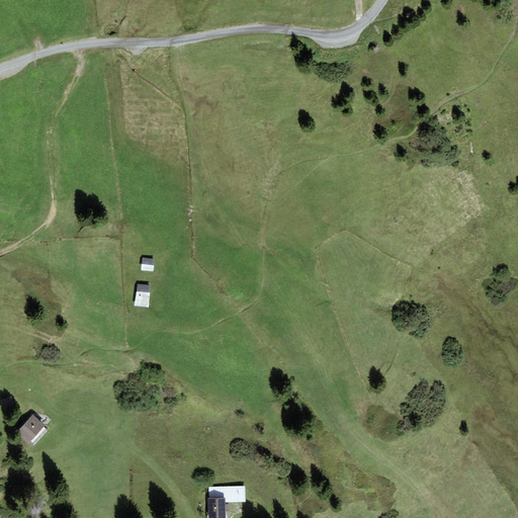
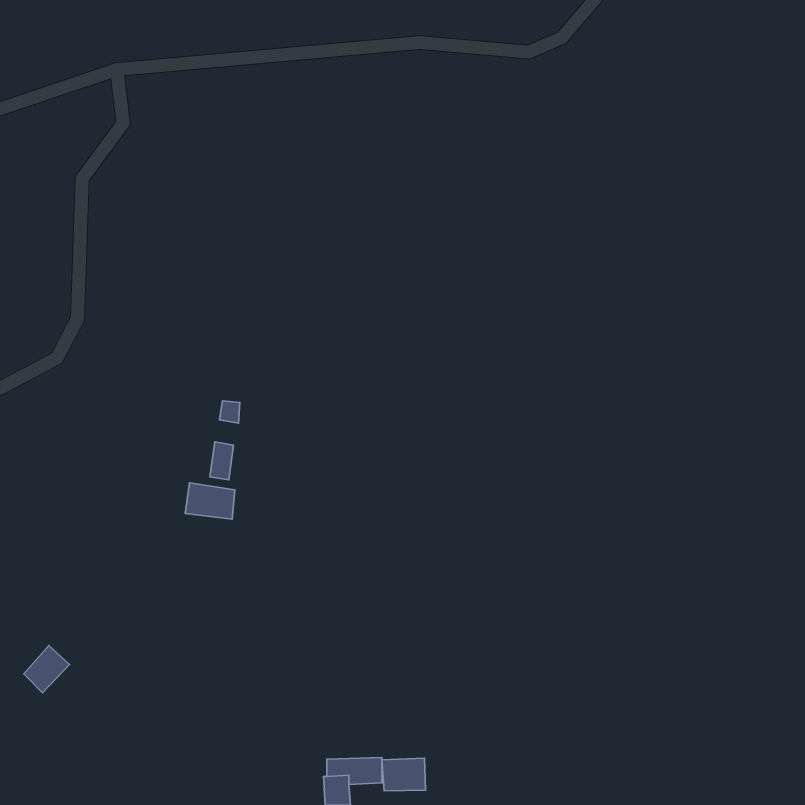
building: none -> [185,483,235,519]
building: none -> [382,758,426,791]

